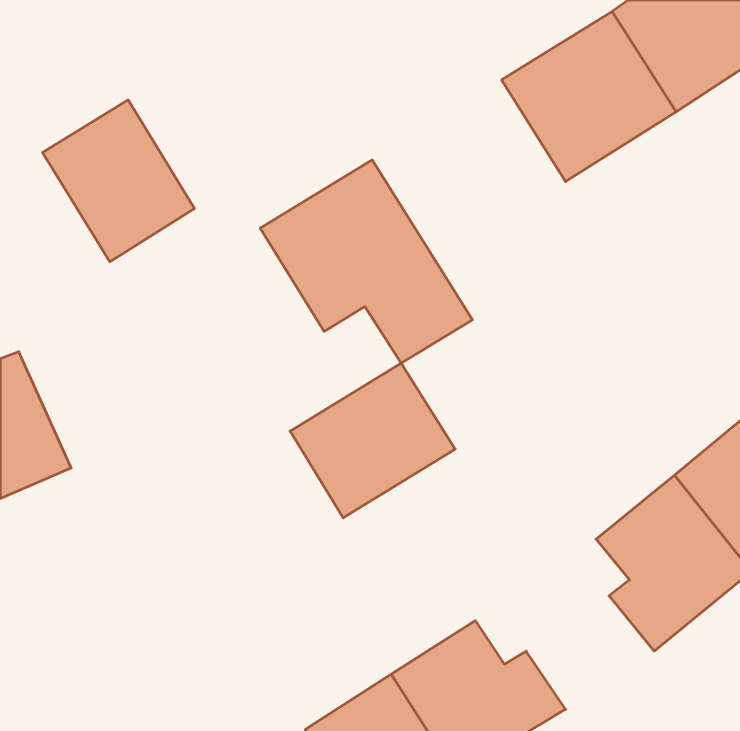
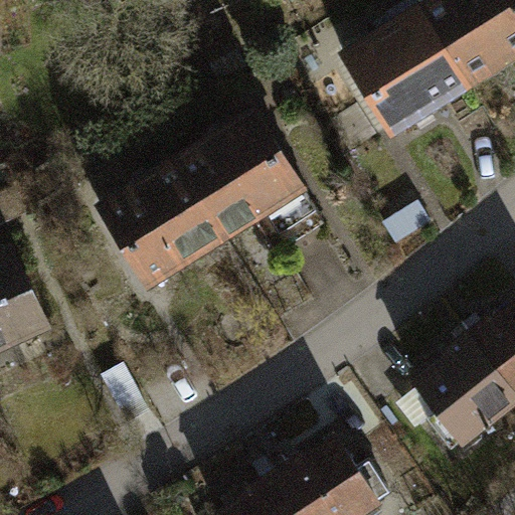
building: [43,100,194,262] -> none
building: none -> [104,166,226,286]
building: [290,363,455,518] -> none

